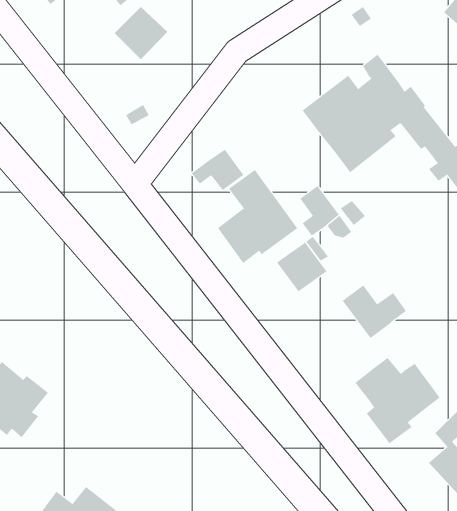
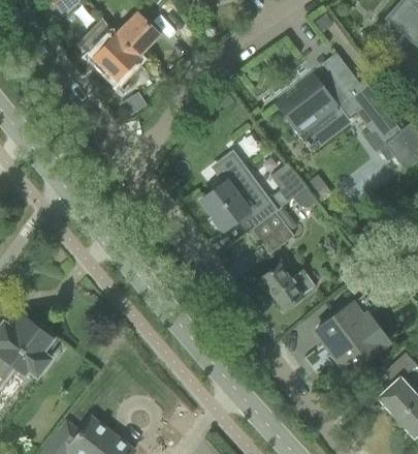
building: none -> [82,22,137,82]
building: [191,149,244,191] -> none
building: [342,285,407,339] -> [260,264,315,309]

